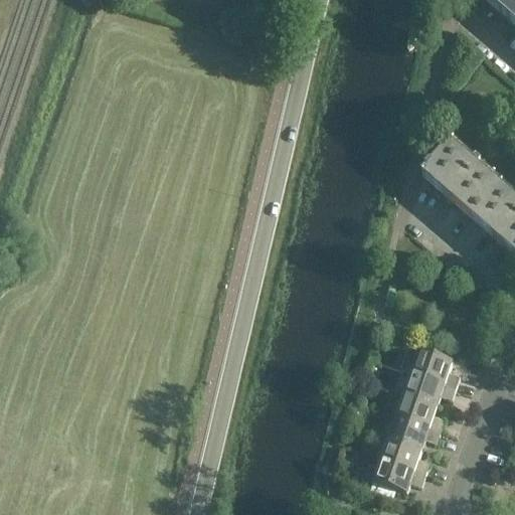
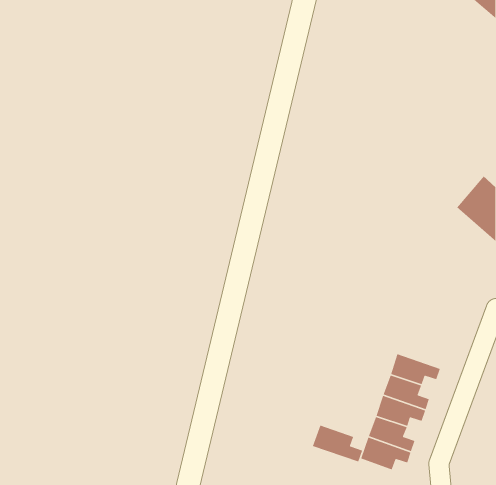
building: [422,140,501,215] -> none
building: [400,340,461,382] -> none
building: none -> [312,424,363,462]

